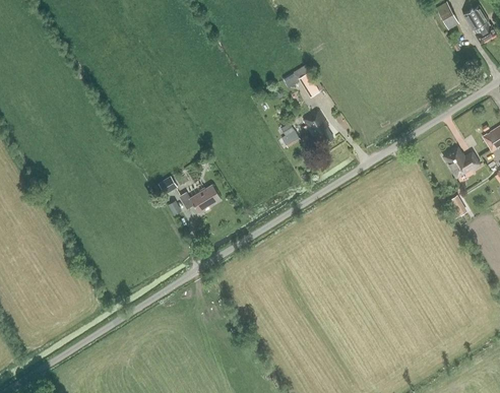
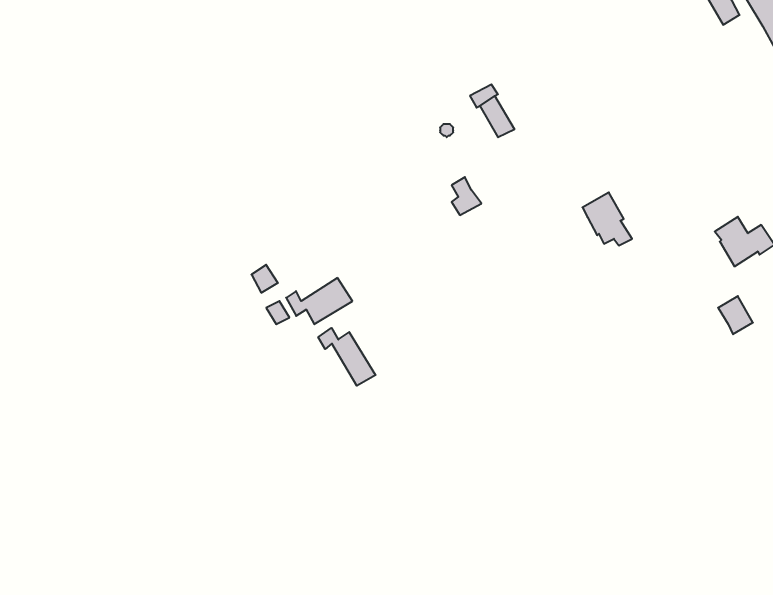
building: [303,110,333,142] -> [582,192,632,245]
building: none -> [318,328,376,386]

